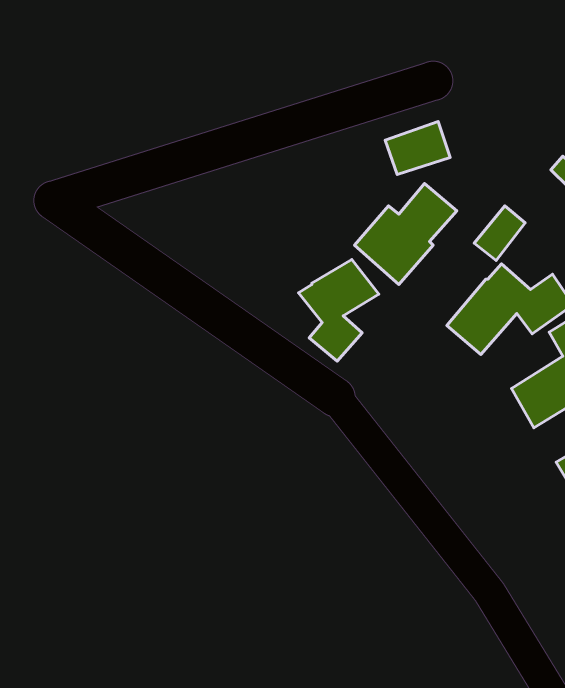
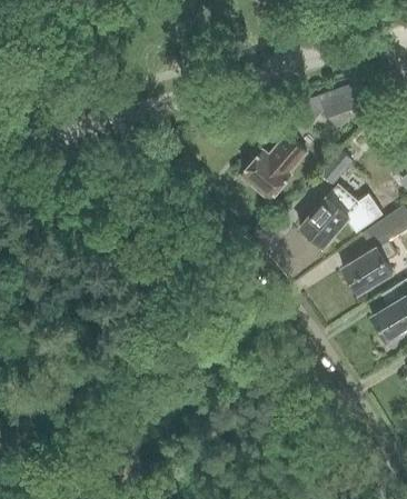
building: [385,122,450,174] -> [316,84,358,119]
building: [299,260,379,361] -> none

